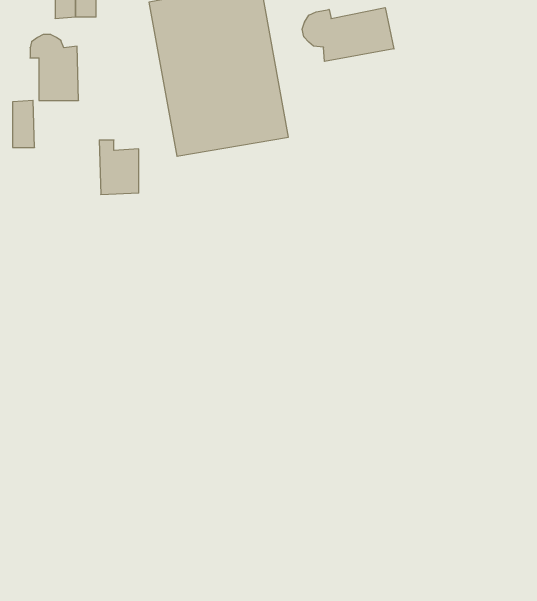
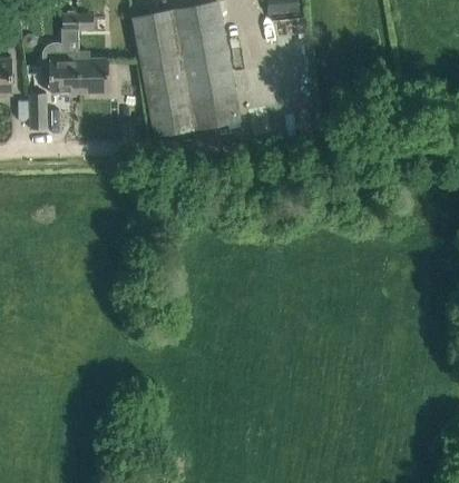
building: [302,8,394,61] -> none
building: [99,140,139,194] -> [79,52,109,93]

